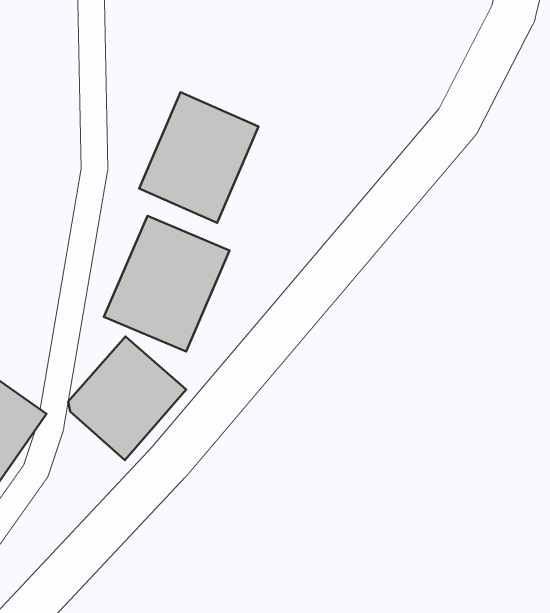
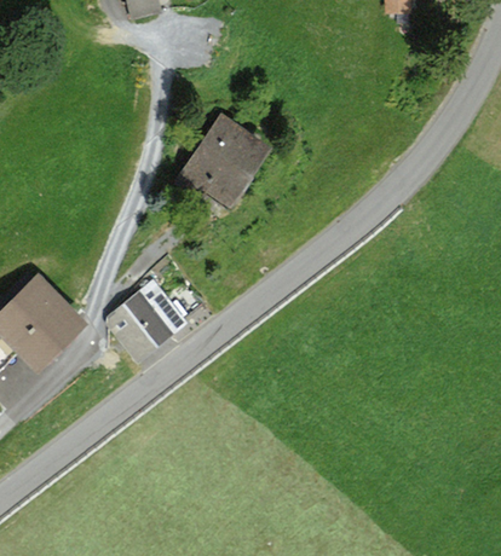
building: [104,216,230,351] -> none

